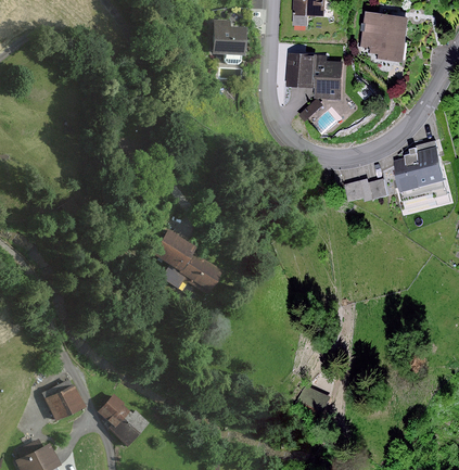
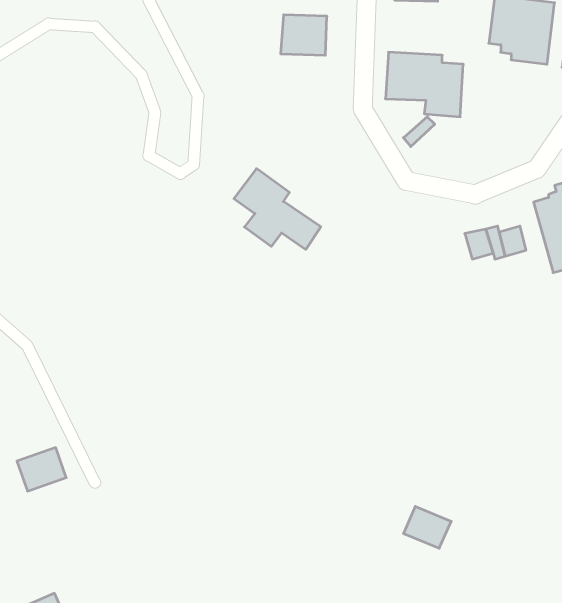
building: [145,231,208,290] -> [234,169,321,249]
building: [44,385,80,417] -> [17,448,66,491]
building: [98,396,146,443] -> none

